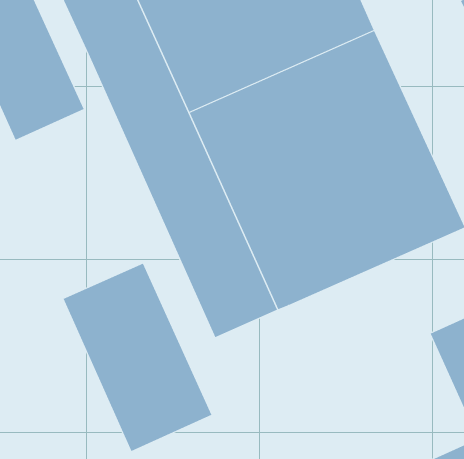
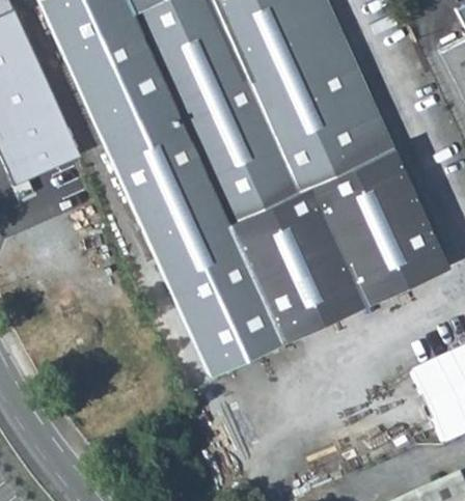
building: [63,263,212,452] -> none

